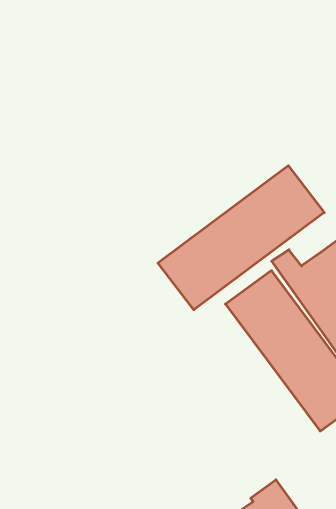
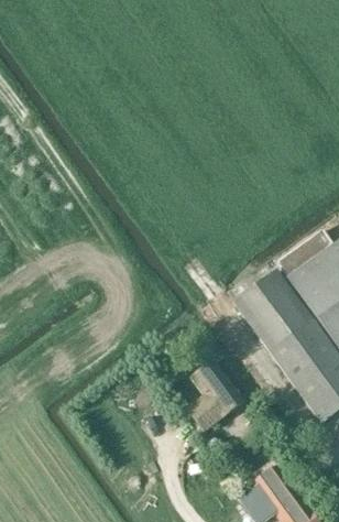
building: [158,166,324,310] -> none
building: none -> [186,358,243,428]

